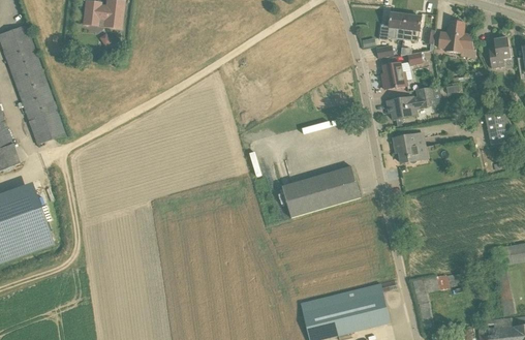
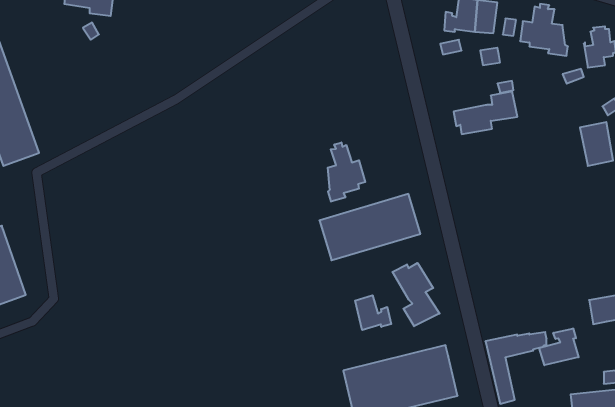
building: [382,62,404,89] -> none
building: none -> [328,142,365,202]
building: [393,132,425,162] -> none
building: none -> [392,263,440,326]
building: none -> [355,295,391,330]
building: none -> [539,328,579,365]

